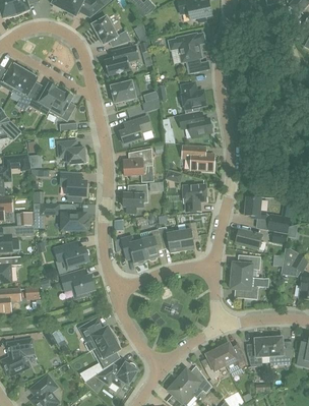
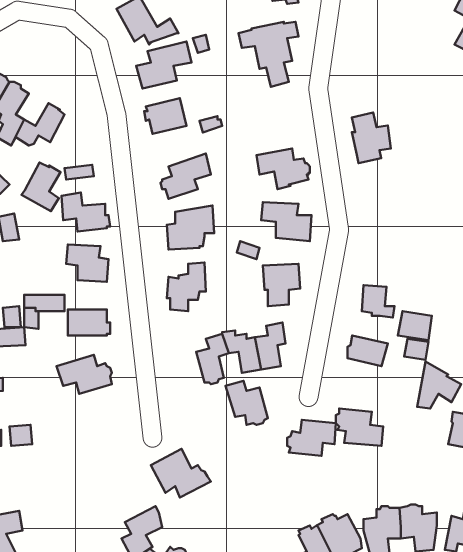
building: [181,81,205,113] -> [352,113,391,163]
building: [48,91,72,121] -> [22,162,61,211]
building: [120,235,146,263] -> [226,381,268,425]
building: [230,254,260,277] -> [287,420,336,456]
building: [60,269,95,297] -> none
building: [78,315,116,346] -> [151,449,211,498]

